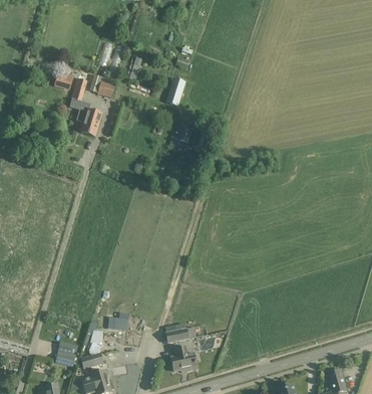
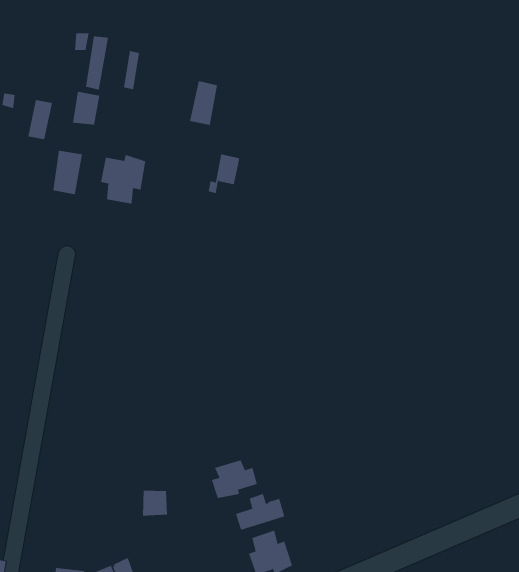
building: none -> [101,154,146,204]
building: none -> [211,460,258,499]

